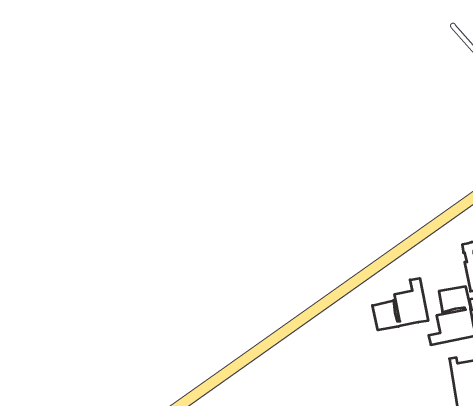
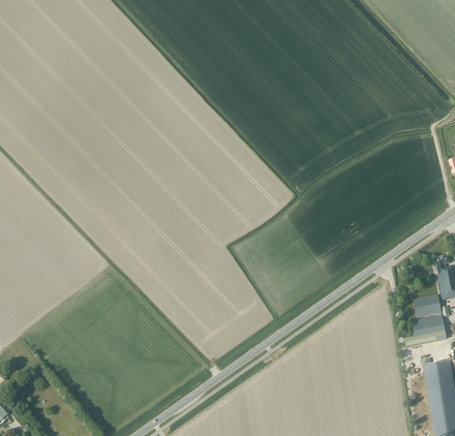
building: [372,278,428,330] -> none

